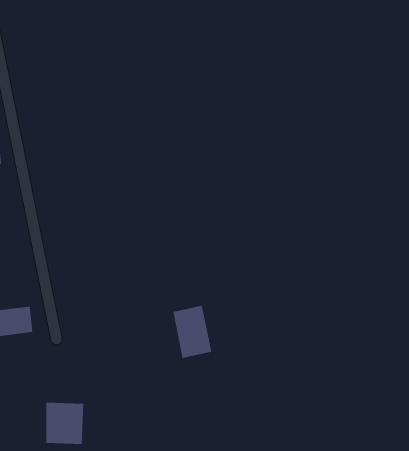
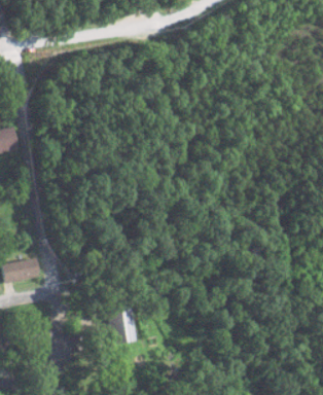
building: [172,305,212,359] -> [107,304,137,345]

